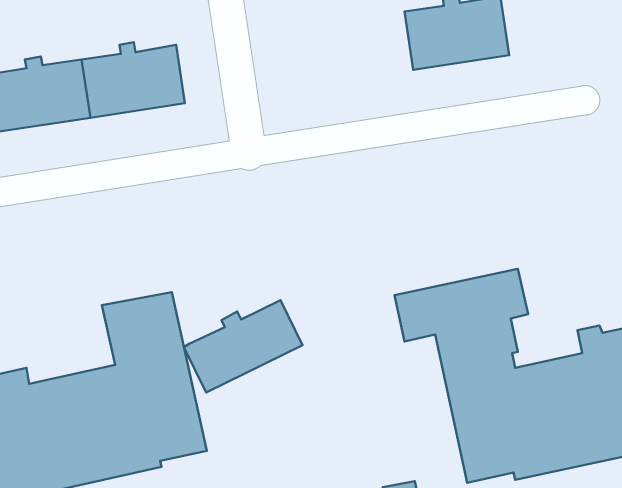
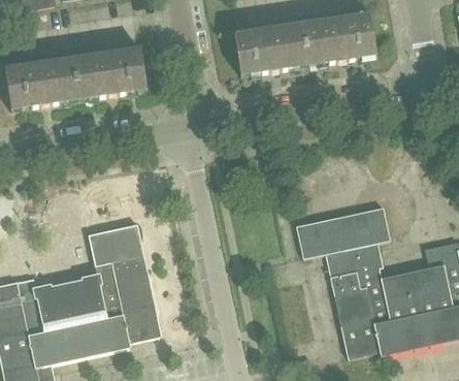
building: none -> [234,22,308,75]
building: [184,300,303,392] -> none

